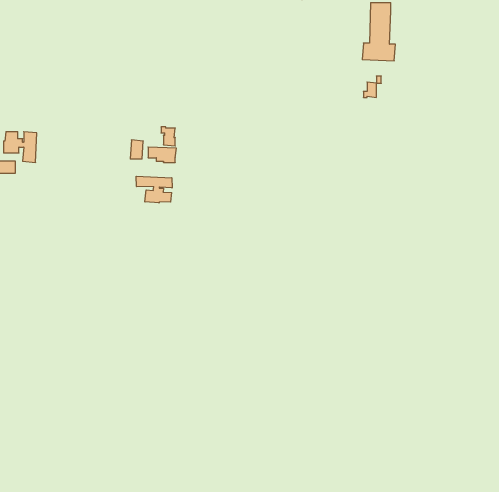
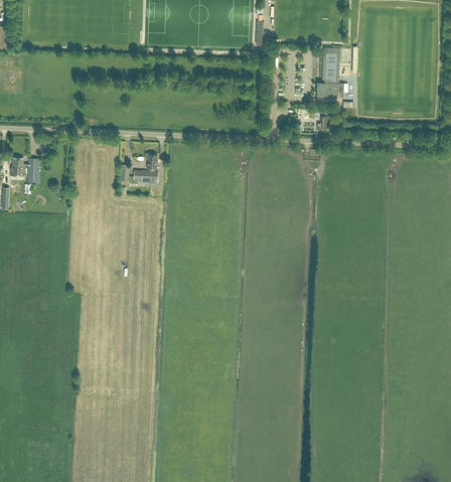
building: [136,176,172,203] -> none

